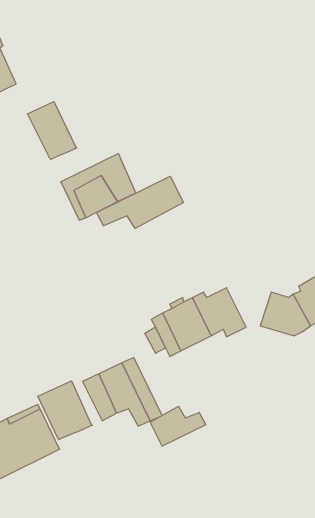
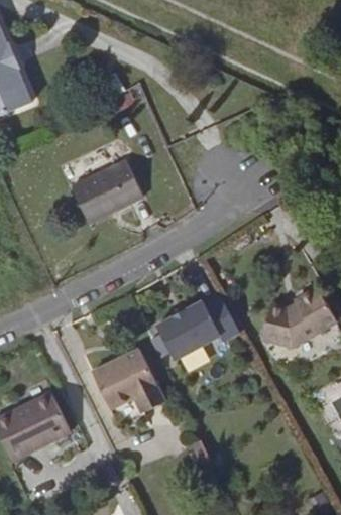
building: [28,102,77,159] -> none
building: [96,176,183,228] -> none
building: [38,381,92,440] -> none
building: [150,406,206,446] -> none

